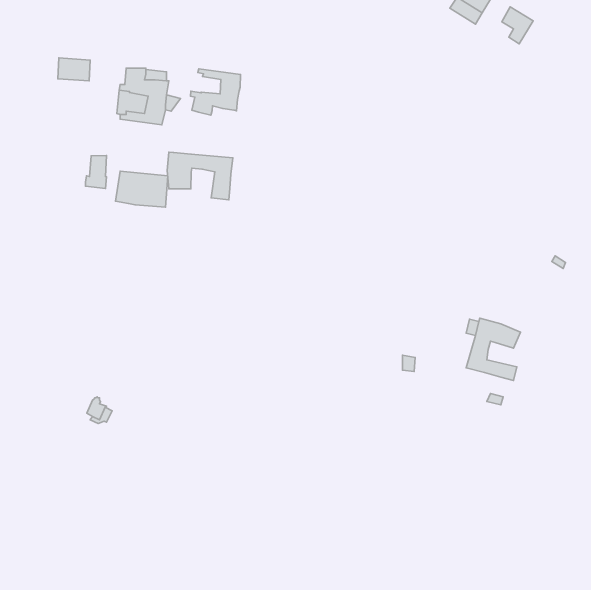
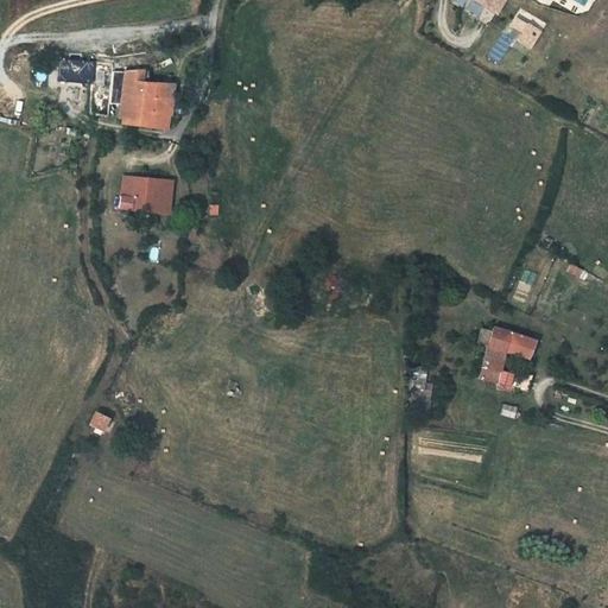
building: [190,69,241,115] -> none
building: [167,152,233,200] -> none
building: [85,156,107,189] -> none

